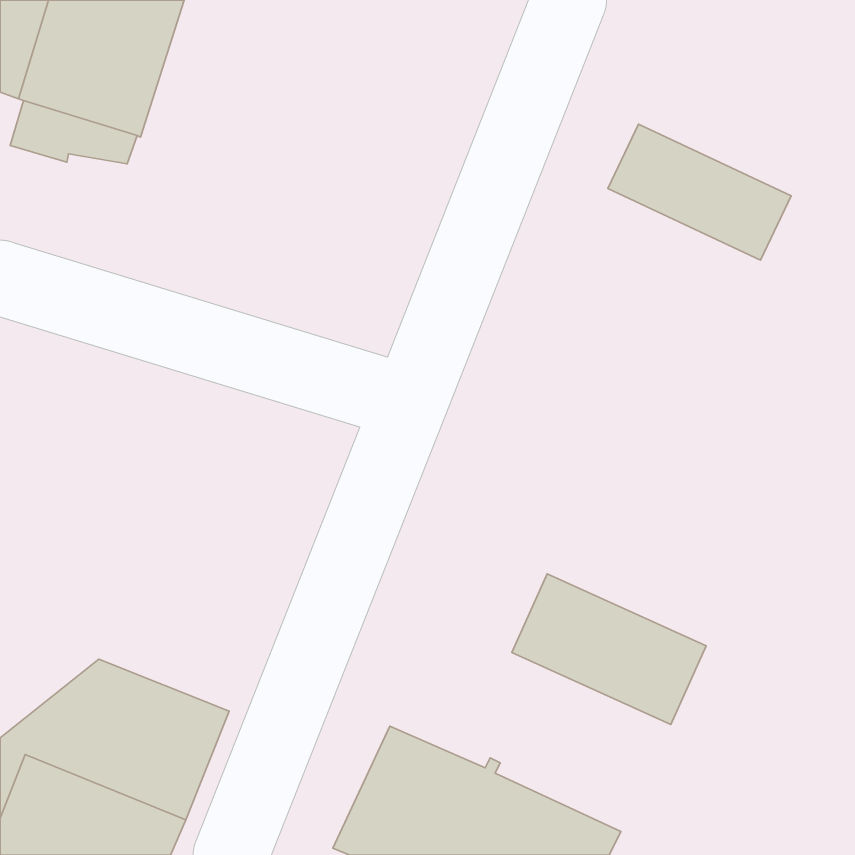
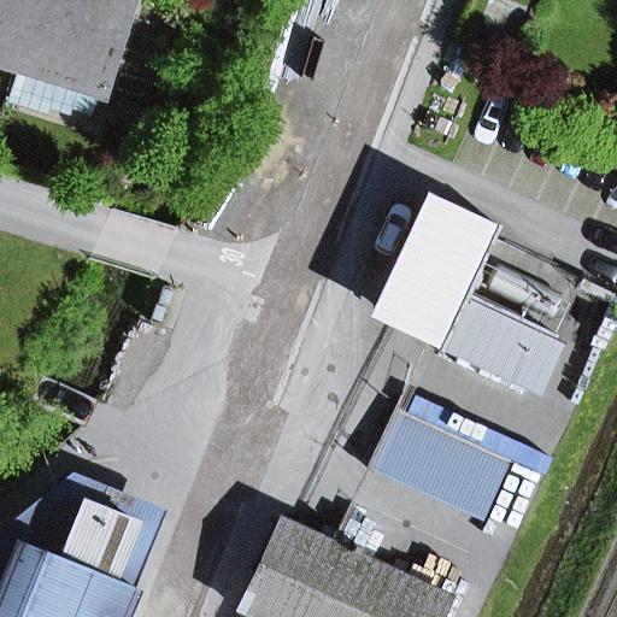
building: [608,124,791,260] -> none
building: none -> [382,208,556,384]

